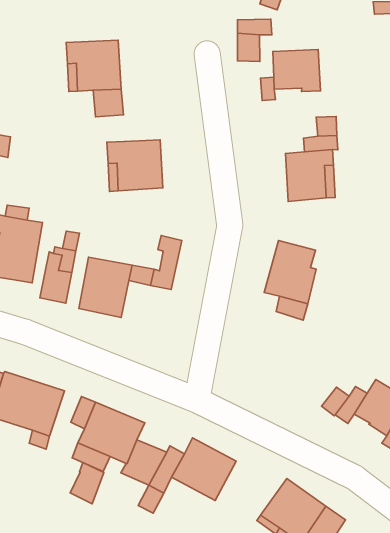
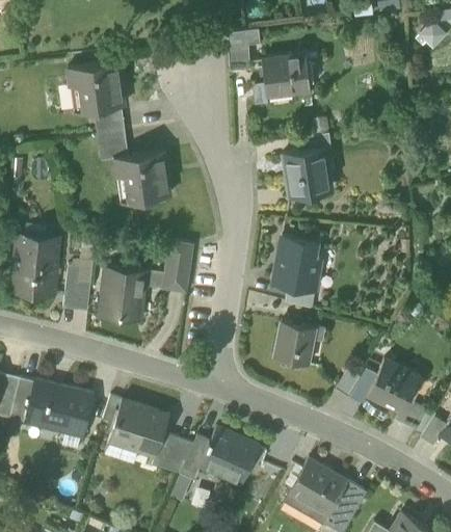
building: none -> [101,130,130,159]
building: none -> [274,321,314,364]
building: [70,463,104,504] -> none

